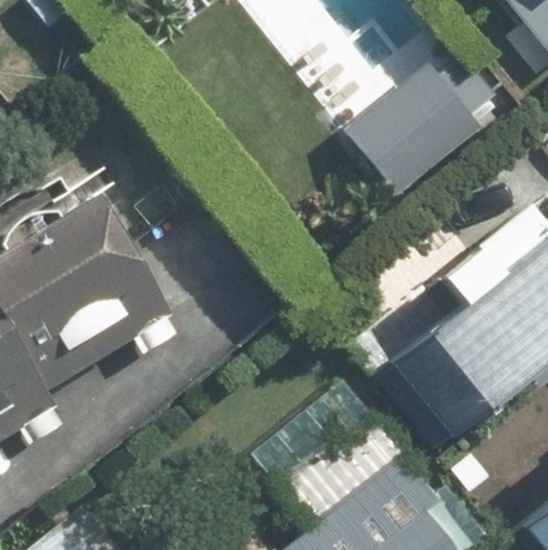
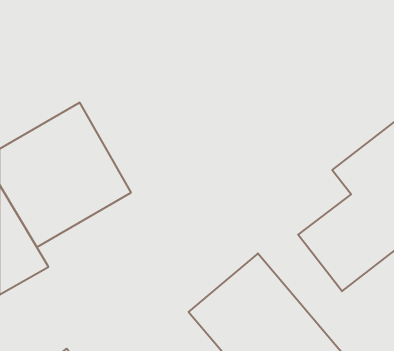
building: [344,64,478,193] -> none

